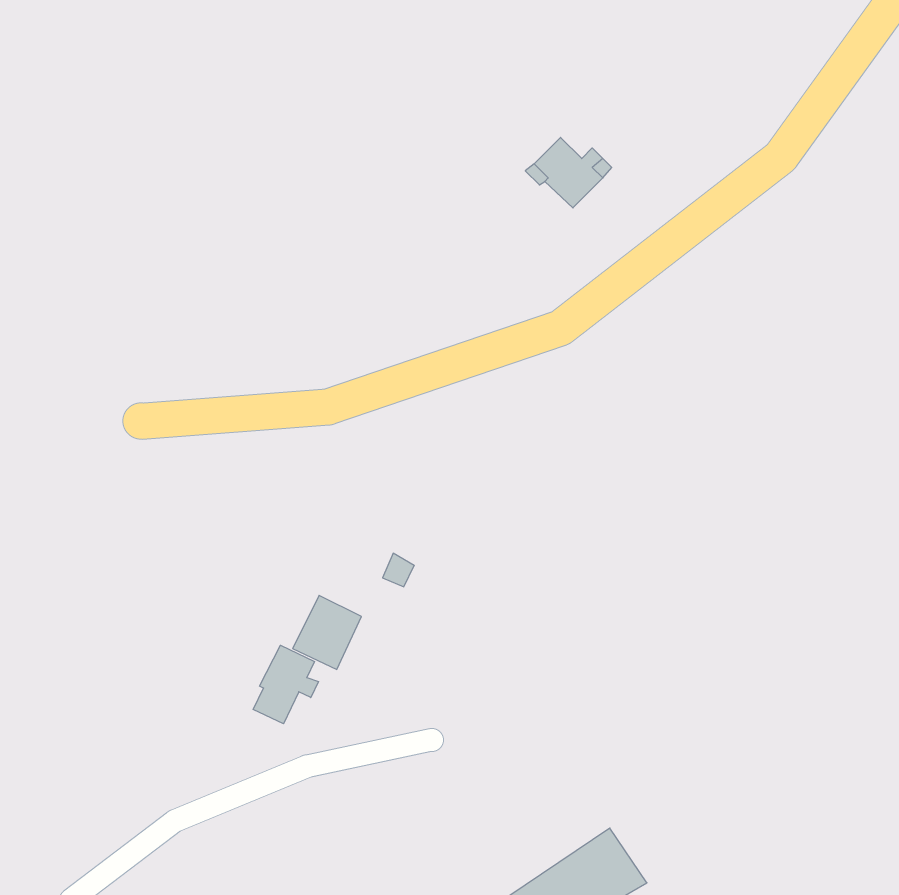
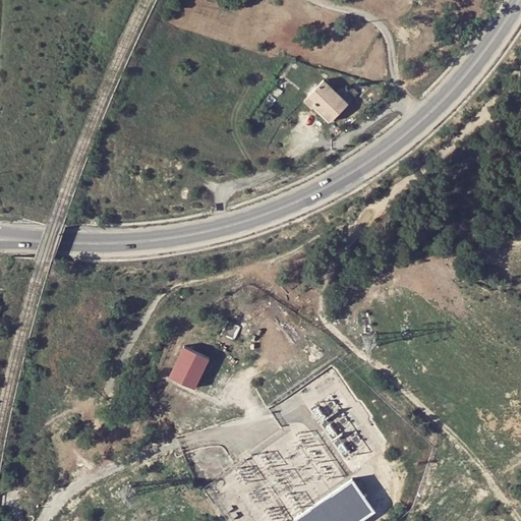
building: [253,645,318,724] -> none

